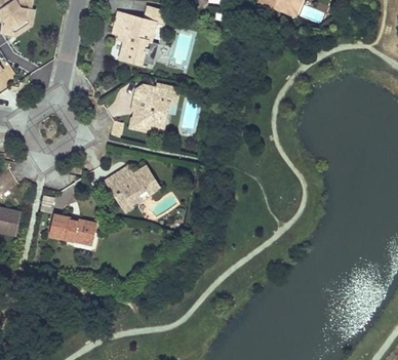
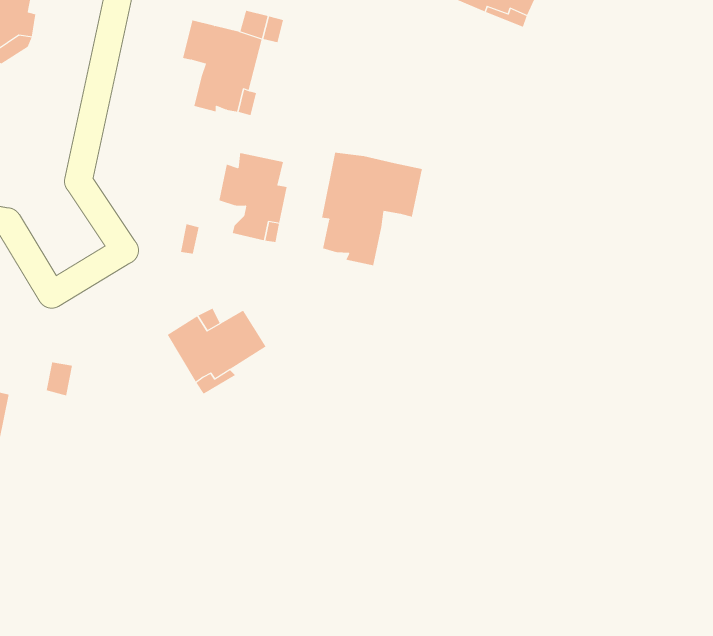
building: none -> [322,152,422,266]
building: [49,214,97,243] -> none

